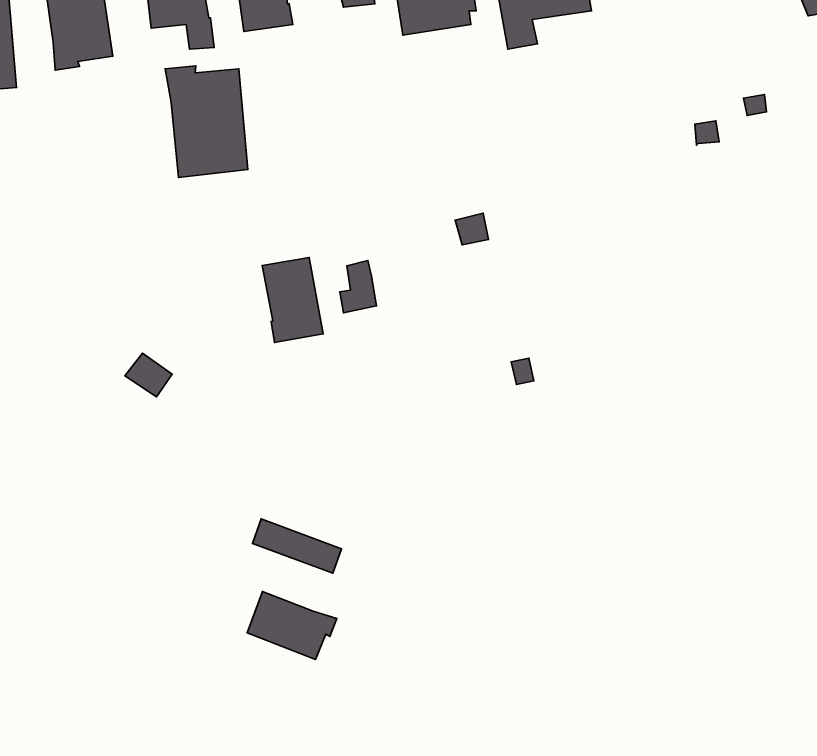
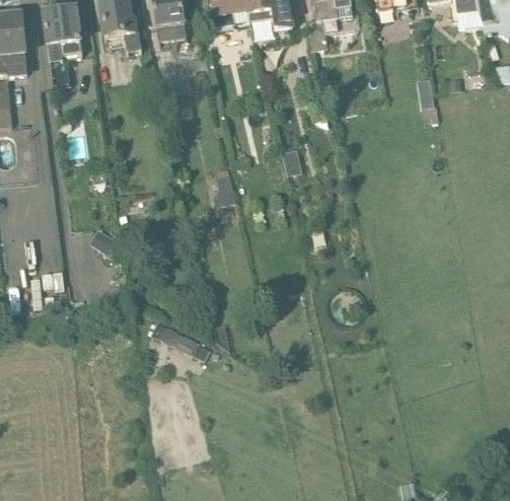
building: [165,66,248,177] -> none
building: [262,258,323,342] -> none
building: [247,592,337,660] -> none

